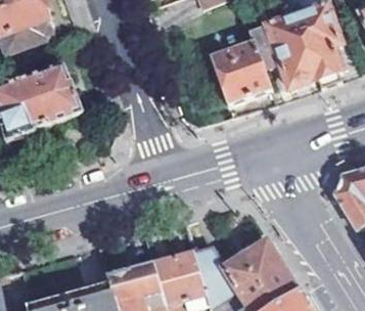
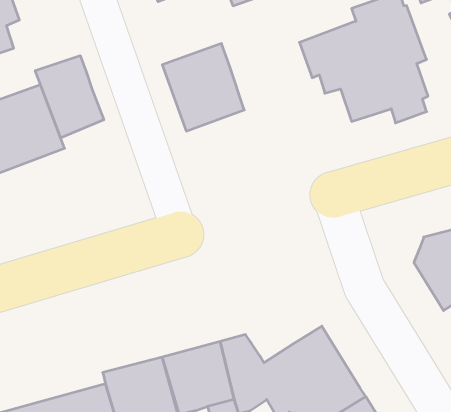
building: [212,43,271,106] -> [162,44,244,131]
building: none -> [35,56,104,138]

